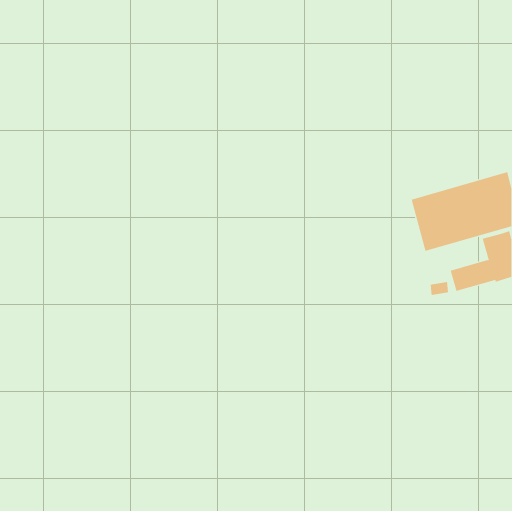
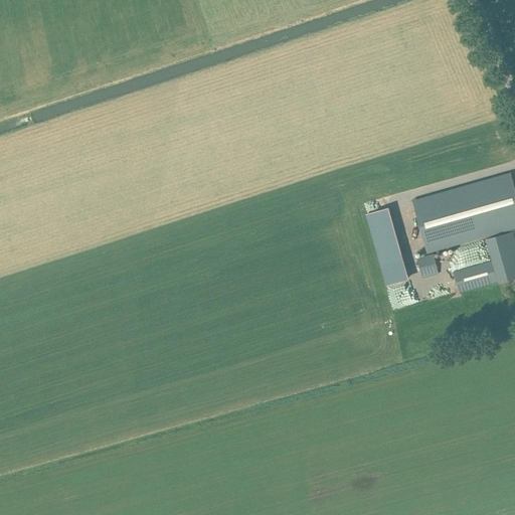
building: none -> [366,207,408,285]
building: none -> [416,253,439,278]

